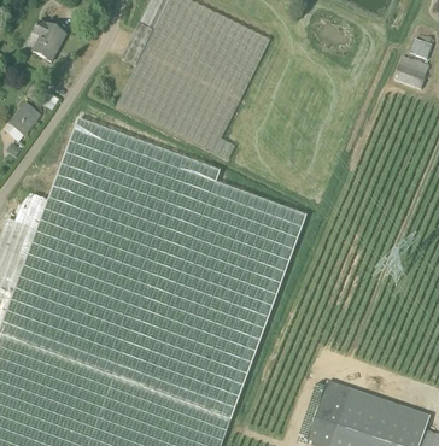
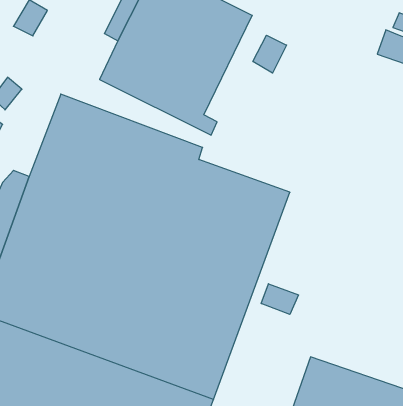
building: none -> [253,35,287,73]
building: none -> [261,284,299,314]

